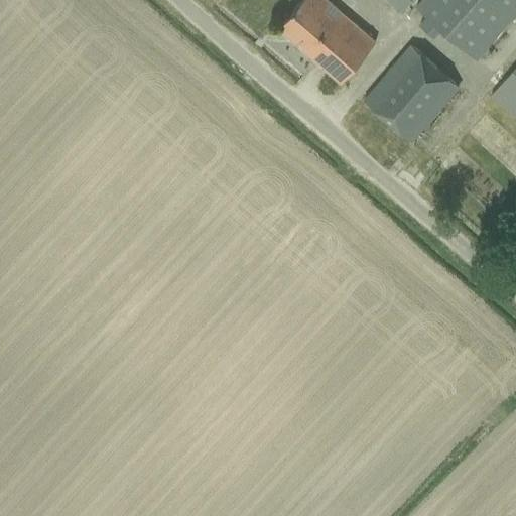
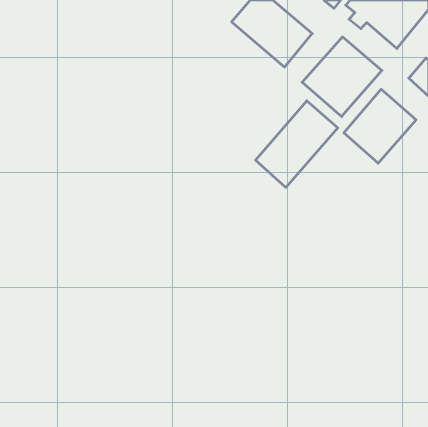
building: none -> [344,89,416,163]
building: none -> [256,101,338,187]

